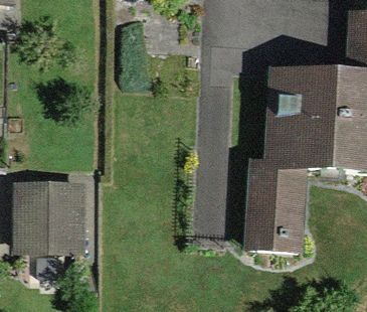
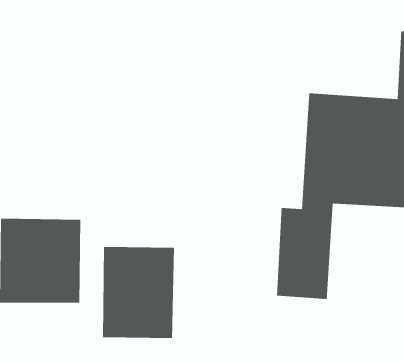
building: none -> [102,246,175,339]

